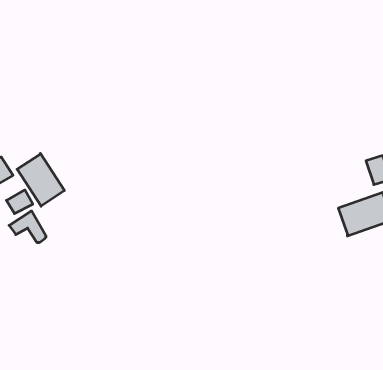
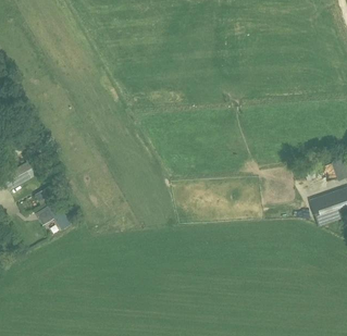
building: [17,153,64,206] -> none

